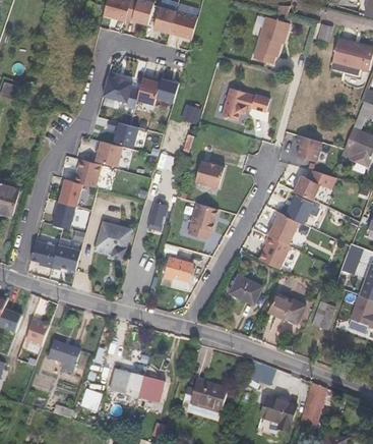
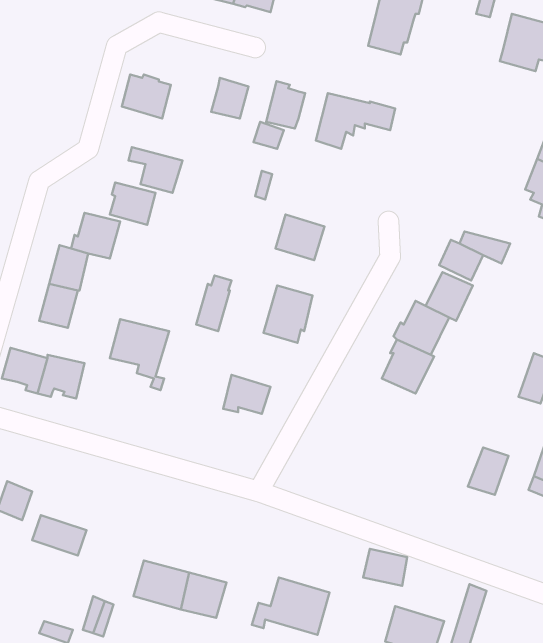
building: [137,75,161,104] -> [266,81,305,129]
building: [295,134,321,161] -> none
building: [229,274,262,304] -> none
building: [269,295,305,323] -> none

